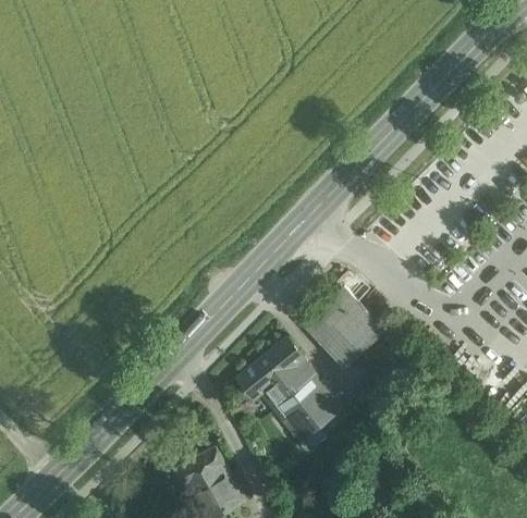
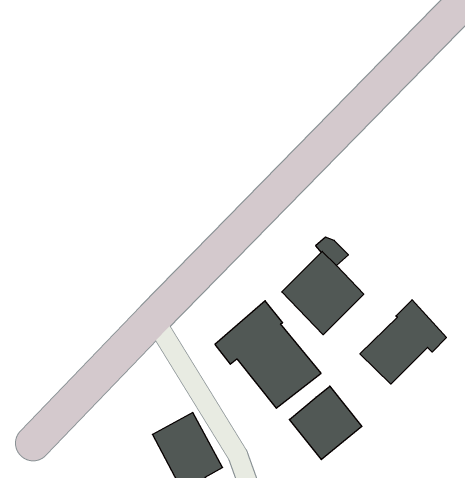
building: none -> [360,300,446,384]
building: none -> [289,386,362,460]

